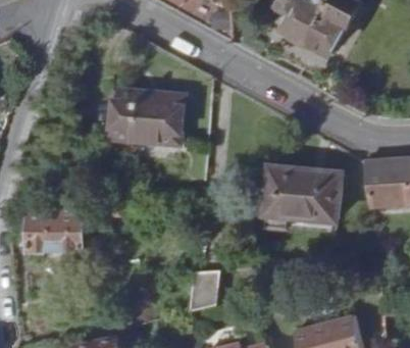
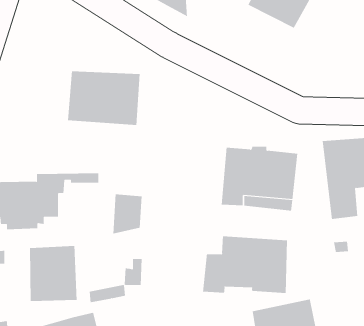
building: none -> [203,236,288,294]
building: none -> [29,245,77,302]
building: [194,269,223,309] -> [113,194,143,234]

